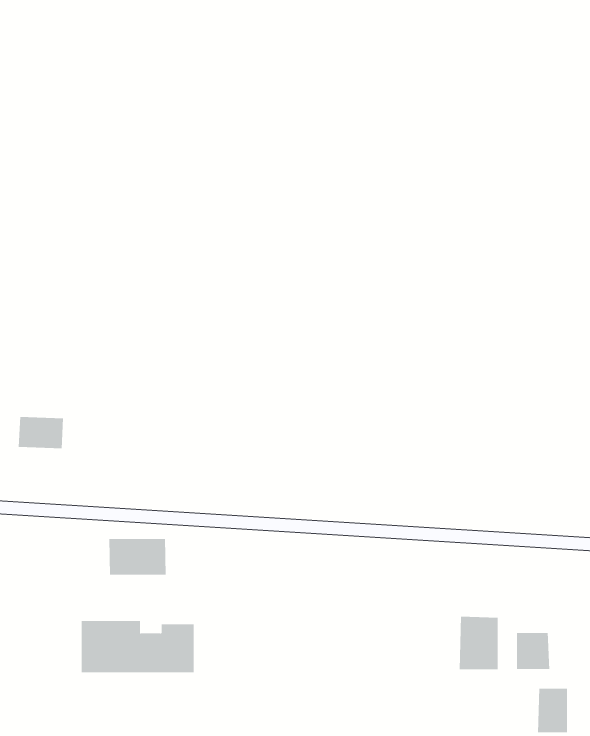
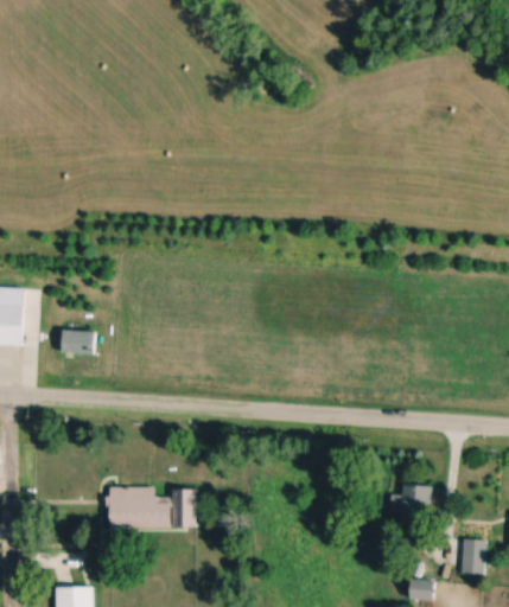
building: [109,538,166,576] -> none
building: [516,632,550,670] -> none

